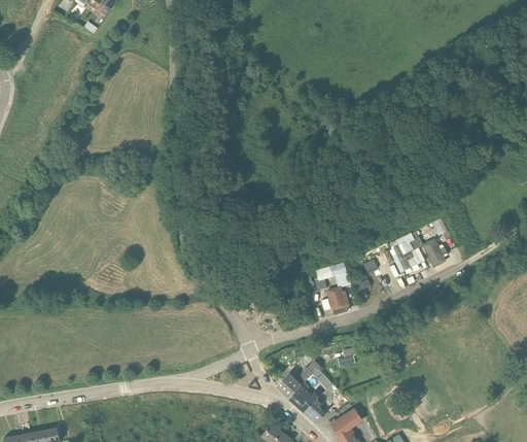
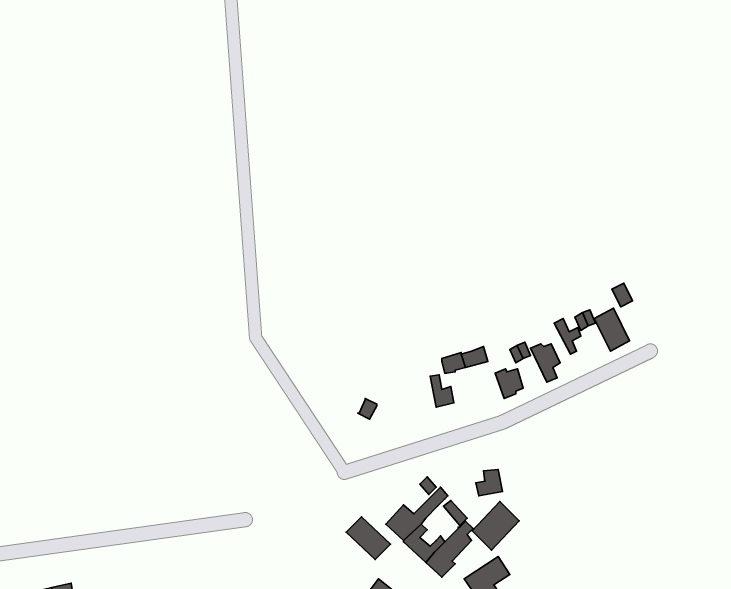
building: [326,284,349,311] -> none
building: none -> [472,502,519,550]
building: none -> [346,517,391,560]

